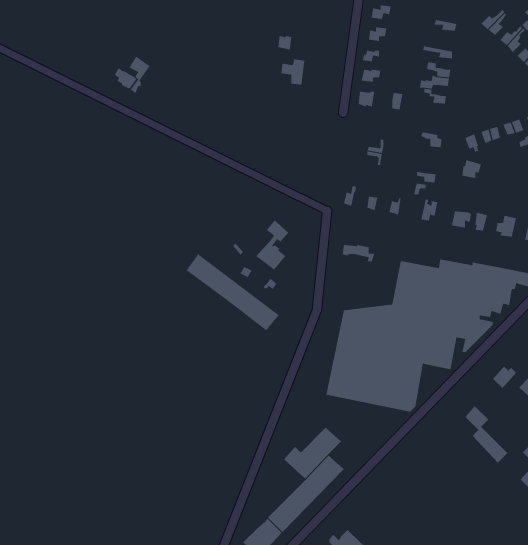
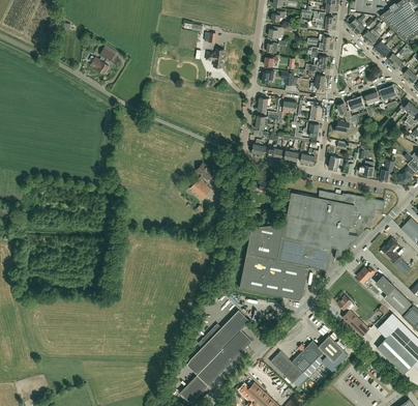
building: [186,253,280,331] -> none
building: none -> [187,334,225,375]
building: none -> [270,336,345,387]

